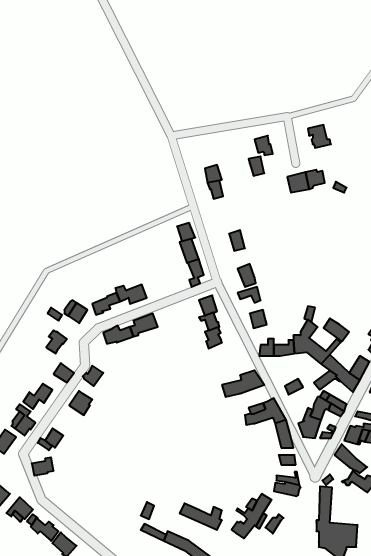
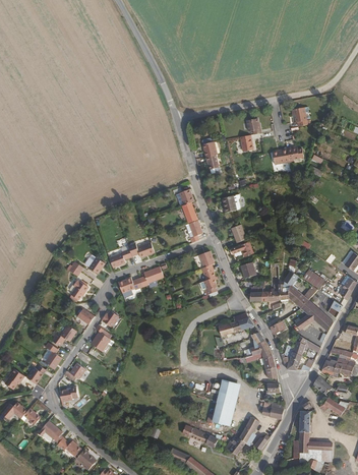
building: none -> [213,379,241,426]

